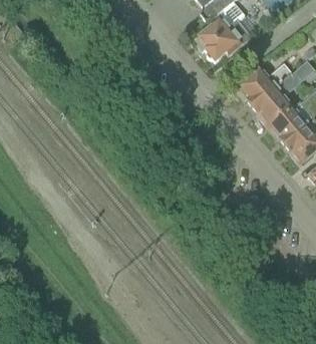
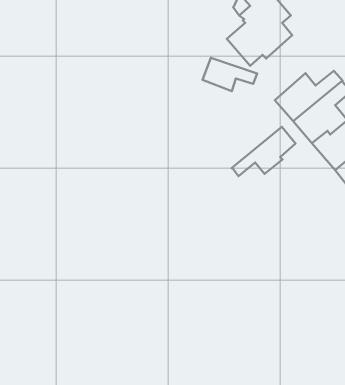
building: none -> [203,58,257,91]
building: none -> [232,127,296,176]

